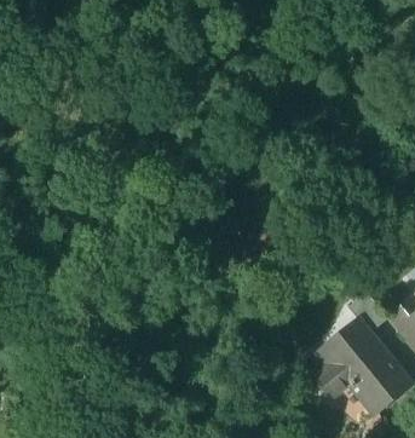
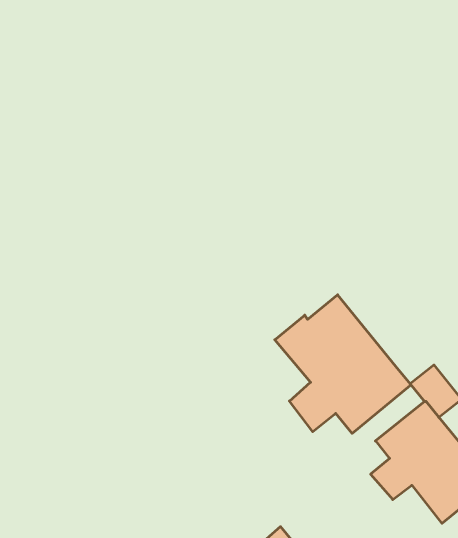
building: none -> [275,295,410,433]

